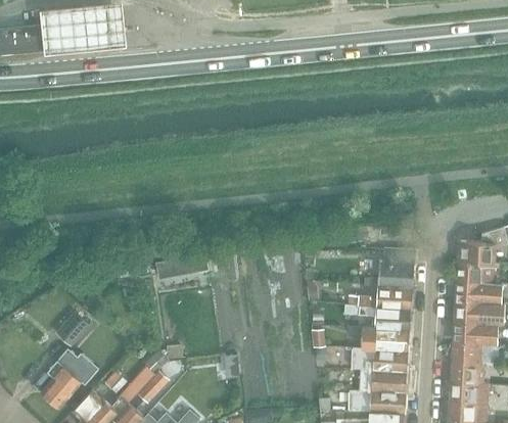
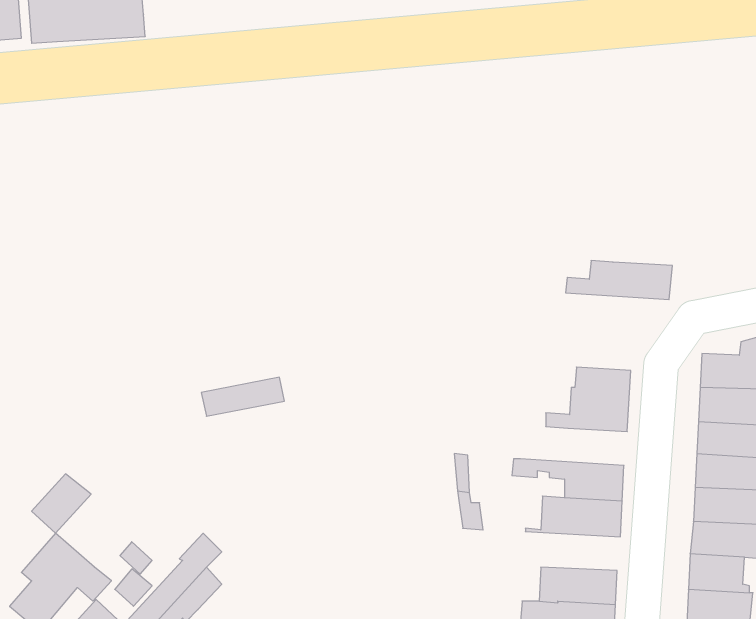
building: [349,284,413,308] -> [566,261,672,300]
building: [351,347,409,371] -> none

